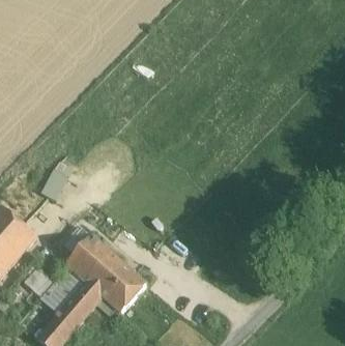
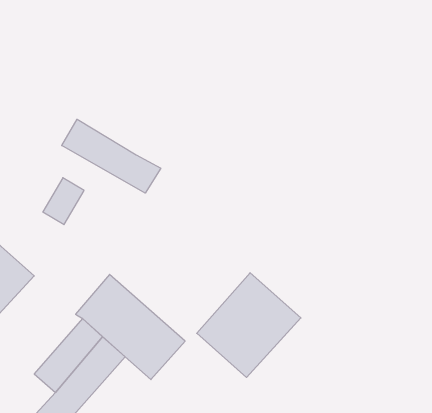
building: none -> [62,119,161,193]
building: none -> [197,273,301,377]

